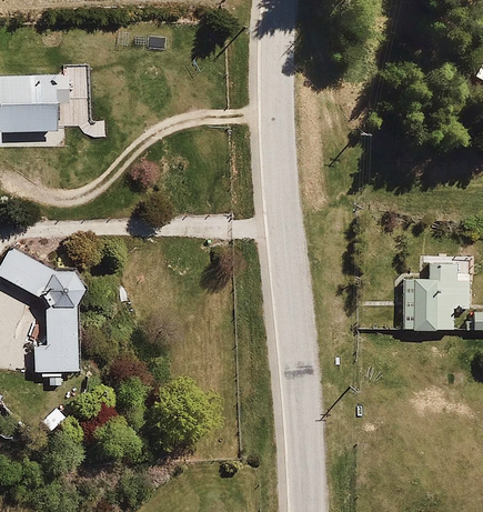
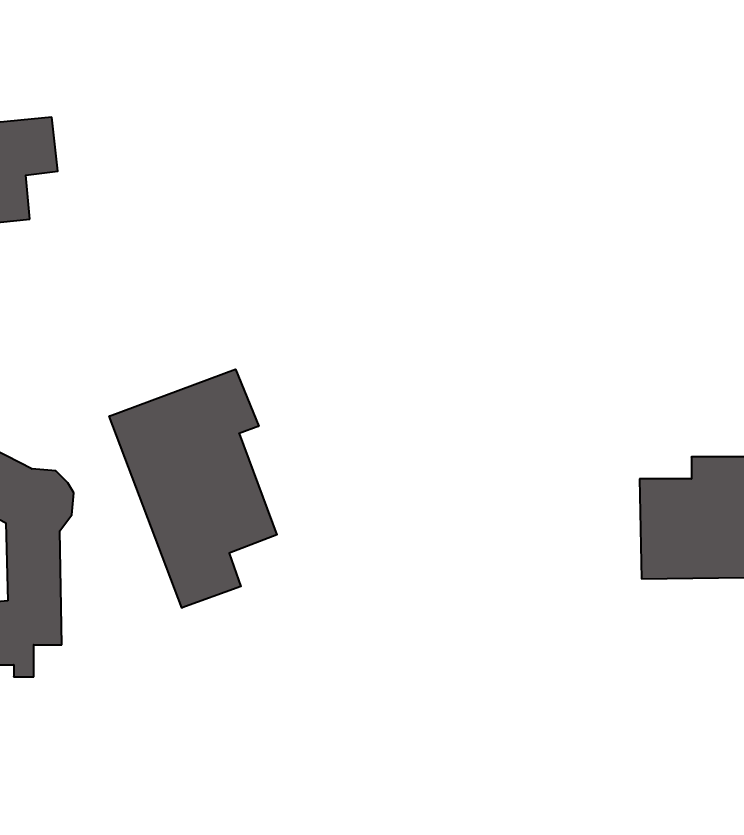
building: none -> [109,369,277,608]

